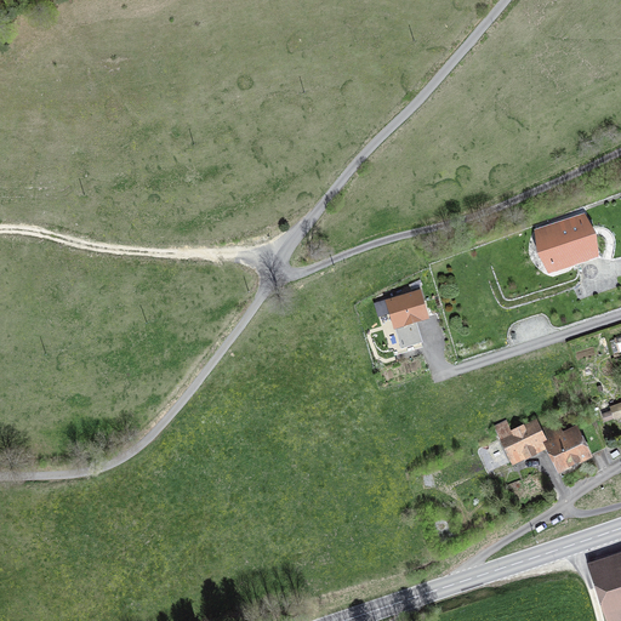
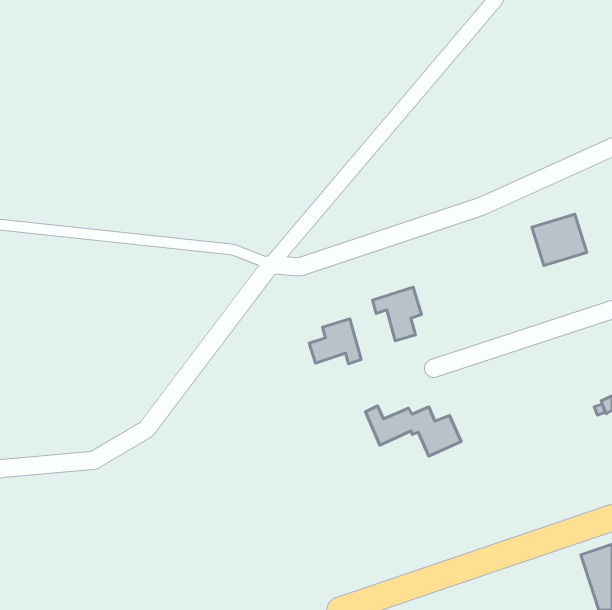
building: none -> [309,319,361,364]
building: [494,418,591,469] -> [366,406,461,456]

